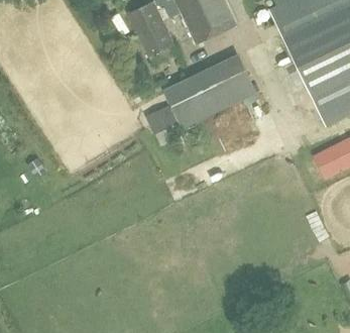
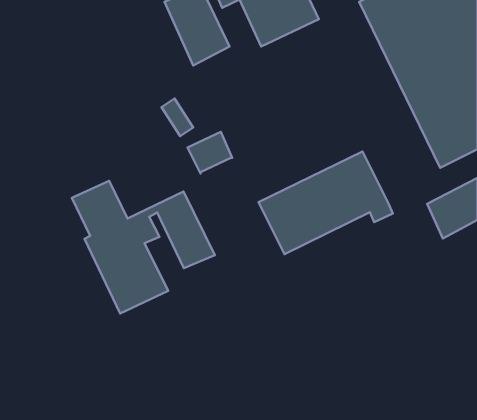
building: [165,53,259,125] -> [259,152,393,254]
building: none -> [72,181,215,314]

